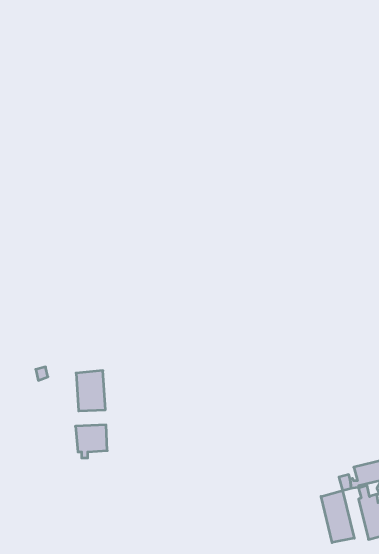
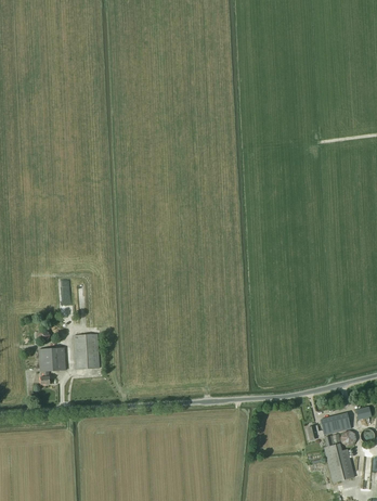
building: [75,425,107,458] -> [38,347,66,376]
building: [321,491,354,543] -> none

